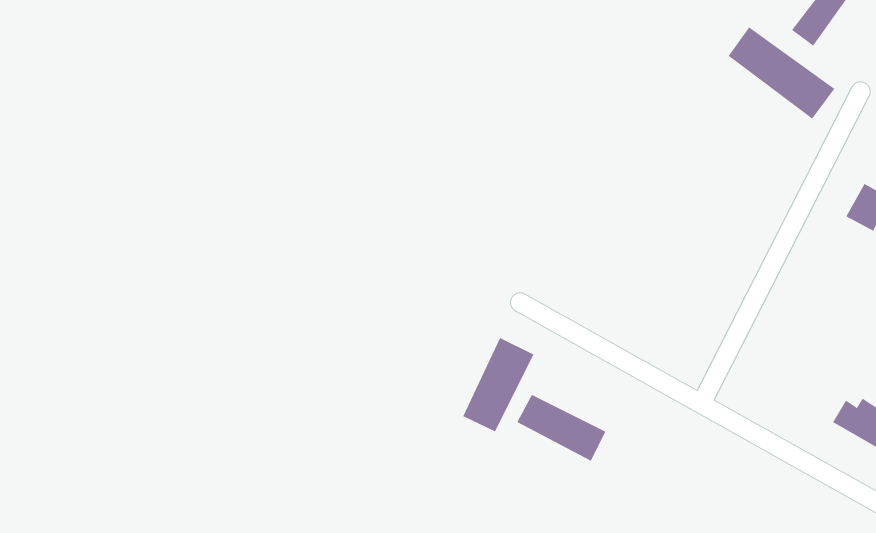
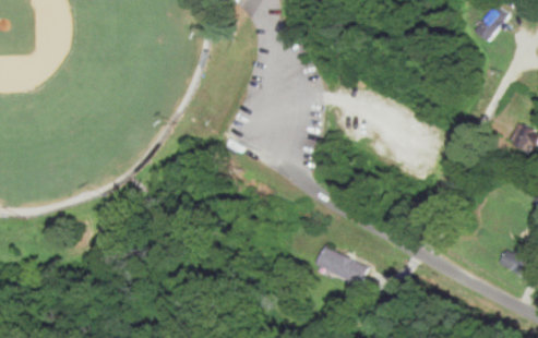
building: [728,26,835,119] -> none
building: [462,337,534,432] -> none

